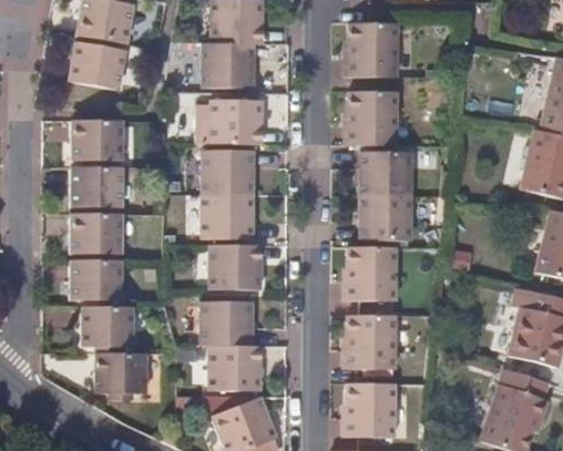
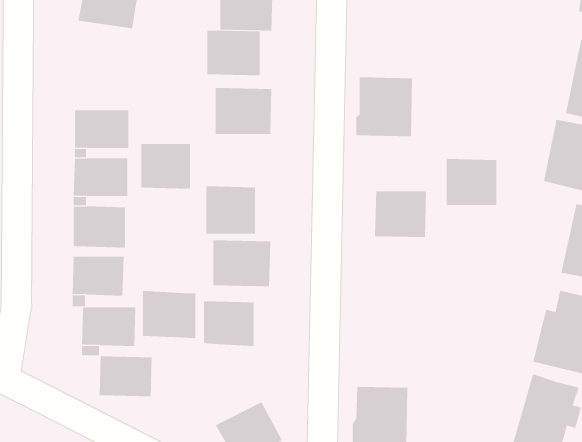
building: [341,22,397,78] -> none
building: [72,41,130,89] -> none
building: [199,150,247,193] -> [140,143,191,189]
building: [360,152,409,196] -> [446,159,497,205]
building: [338,246,392,299] -> none
building: [338,315,392,369] -> none
building: [206,341,257,387] -> [142,291,196,339]

